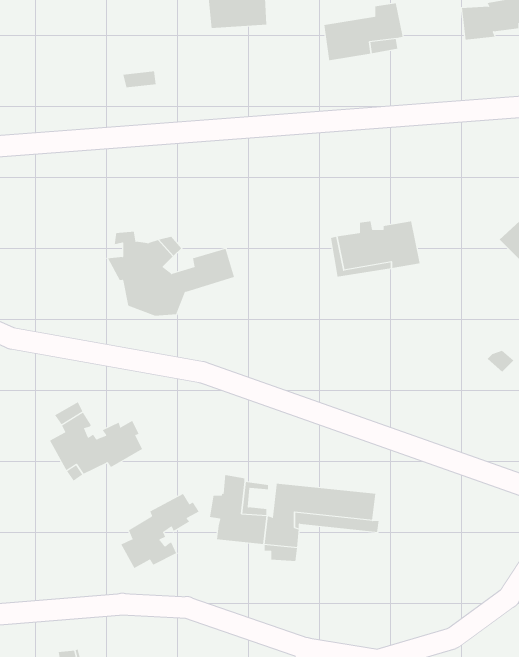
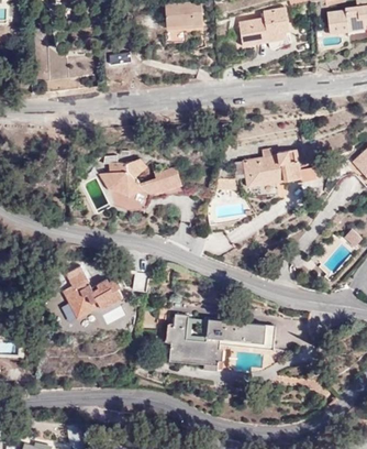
building: [121,493,200,569] -> none

